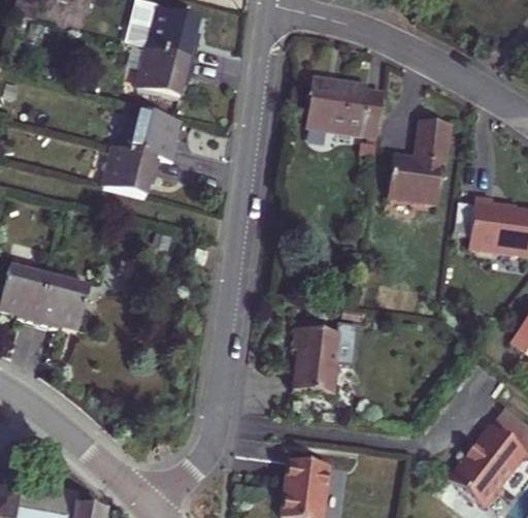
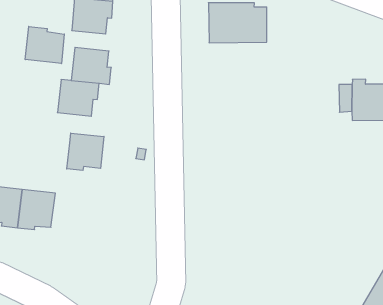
building: none -> [25,26,64,64]
building: [388,120,451,202] -> none
building: none -> [67,133,104,170]
building: [293,328,348,394] -> none

